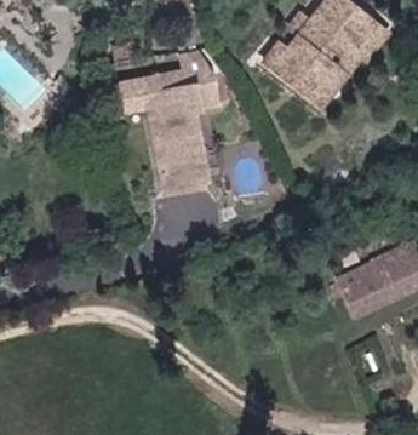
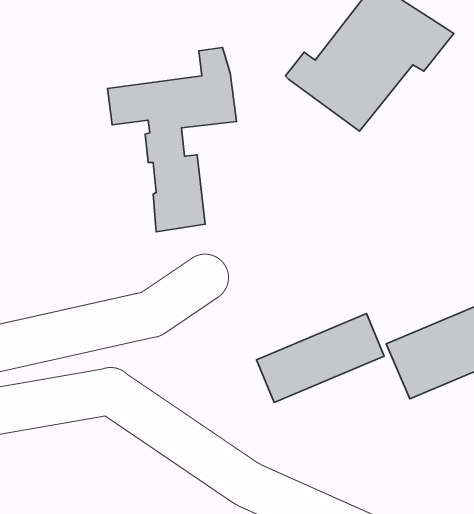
building: none -> [257,314,384,403]

